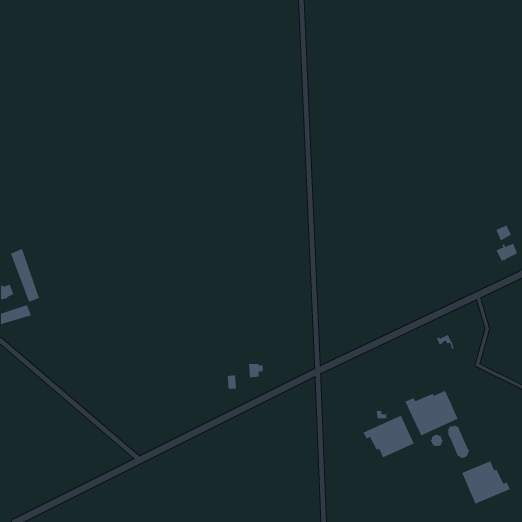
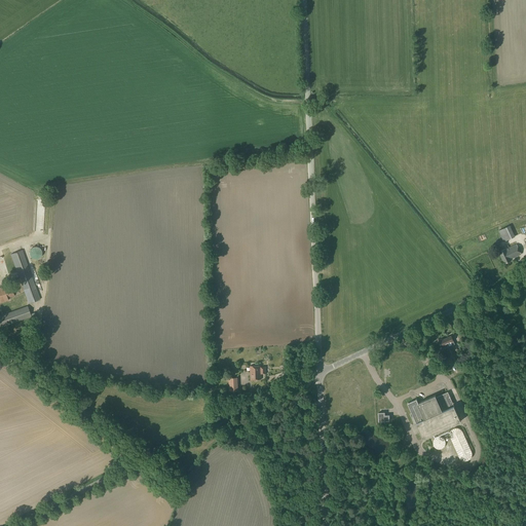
building: [363,415,415,458] -> none
building: [462,460,511,504] -> none

